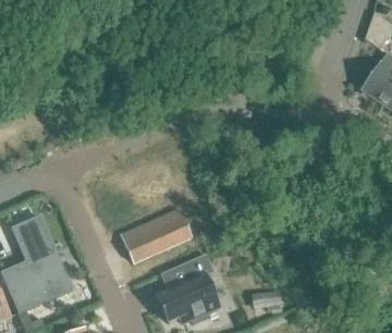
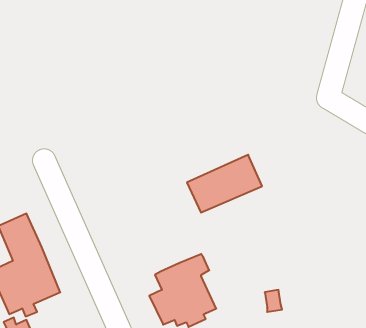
building: [121,208,192,262] -> [187,155,262,213]

